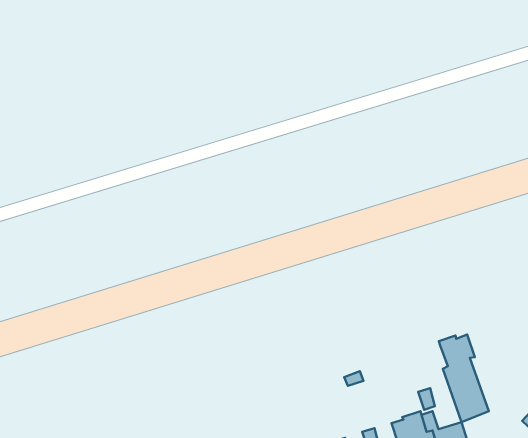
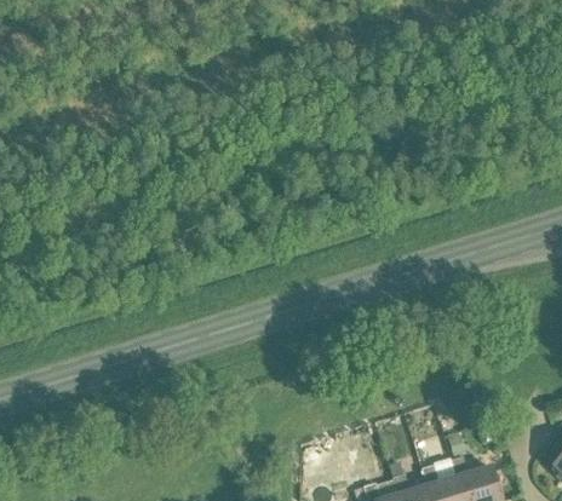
building: [439,335,489,422] -> none

